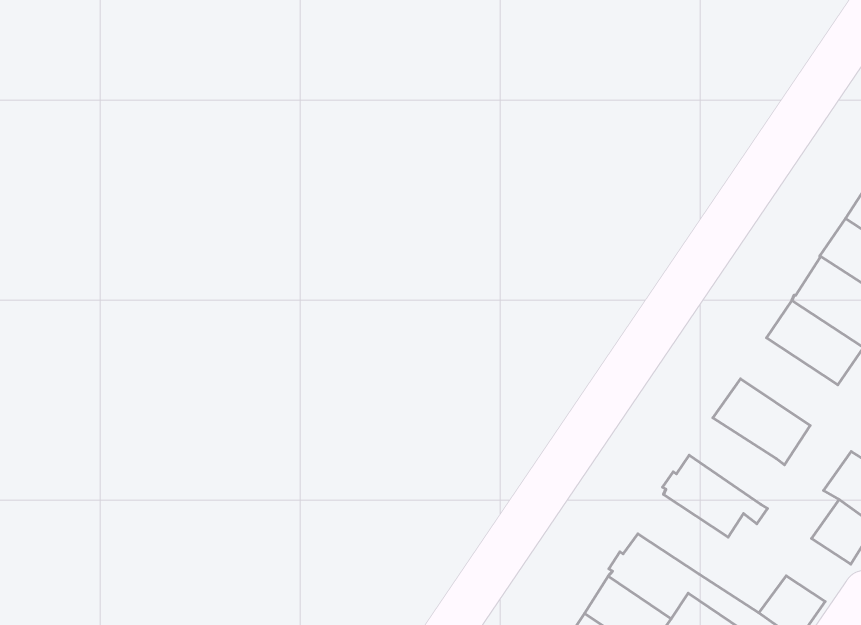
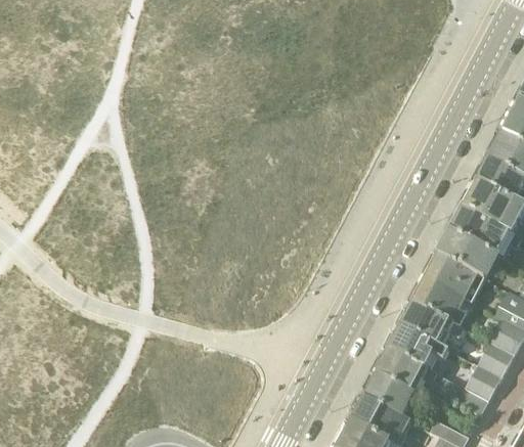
building: none -> [439,232,499,281]
building: none -> [414,280,464,326]
building: none -> [390,326,448,369]
building: none -> [476,343,512,377]

